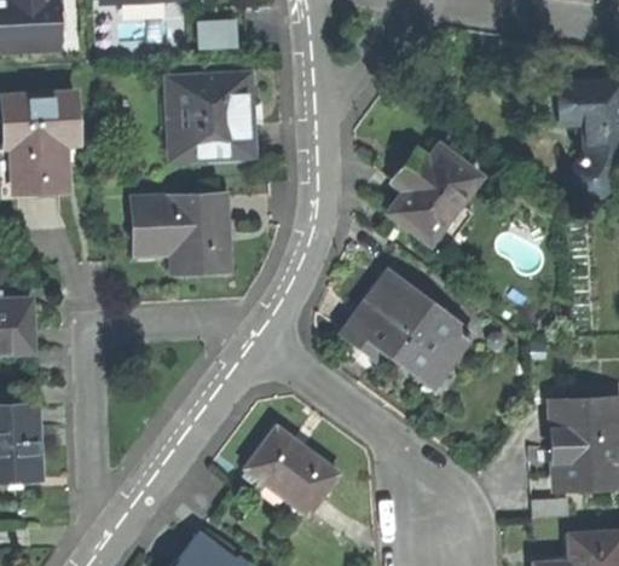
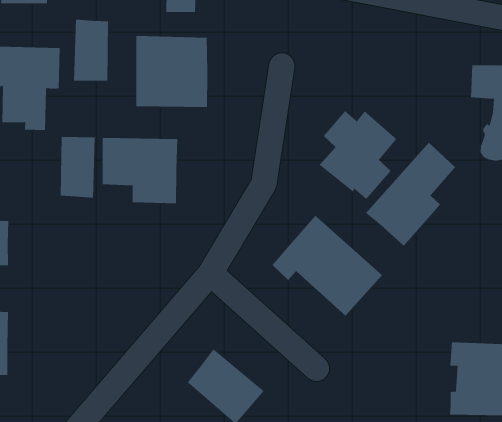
building: none -> [74,19,109,82]
building: none -> [365,142,456,247]
building: none -> [60,136,95,198]

